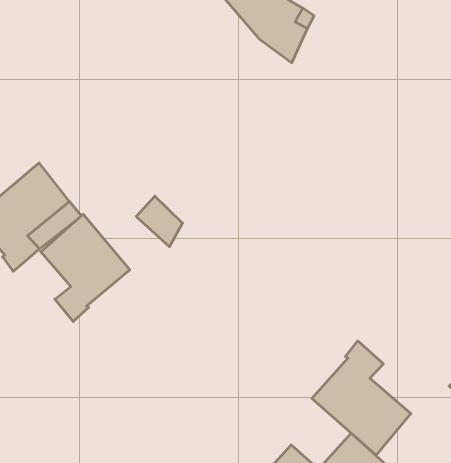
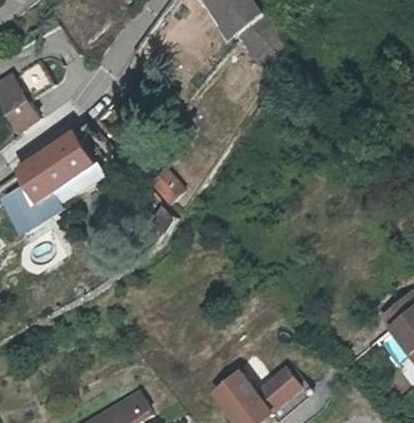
building: [41,214,130,322] -> none
building: [312,341,411,455] -> none

